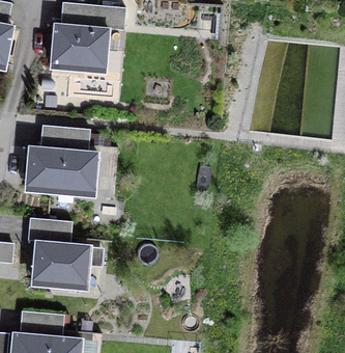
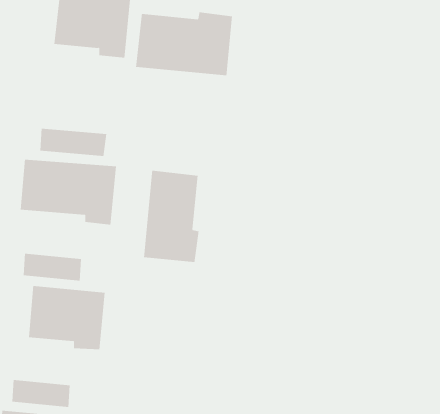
building: none -> [135,11,232,76]
building: none -> [144,170,199,263]

